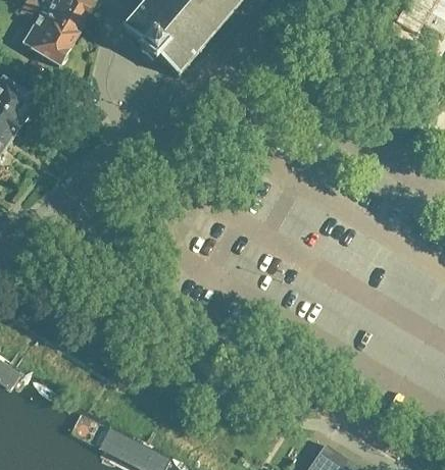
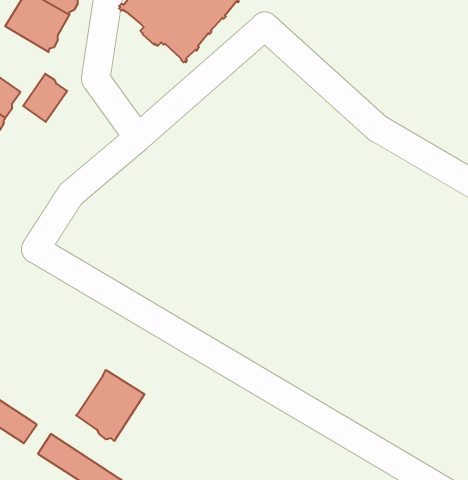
building: none -> [23,74,67,122]
building: none -> [76,370,144,441]

